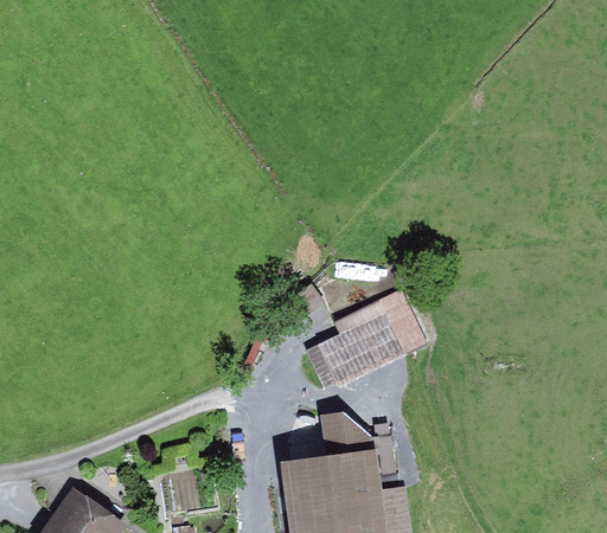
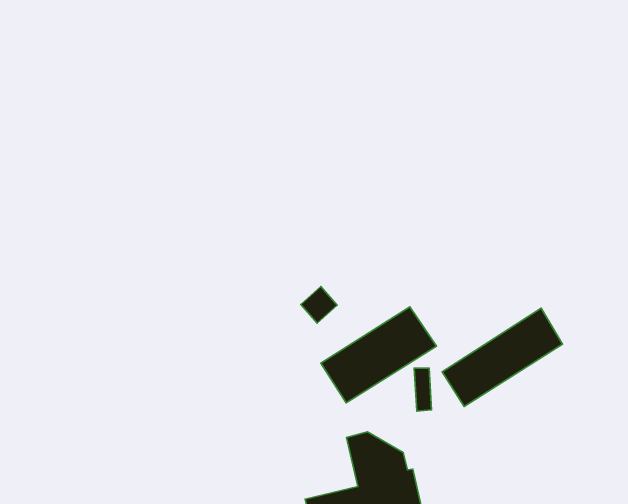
building: none -> [442,308,562,407]

